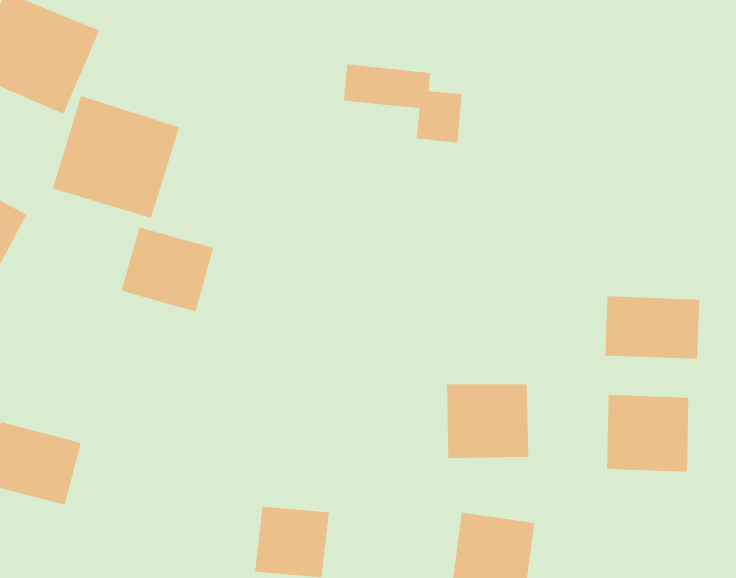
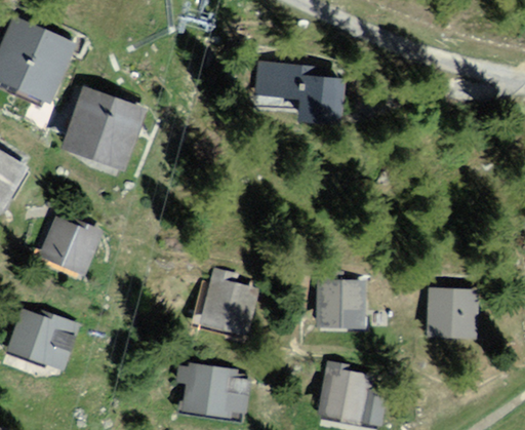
building: [121,226,214,312] -> [28,214,91,273]
building: [604,296,700,359] -> none
building: none -> [200,264,259,338]

